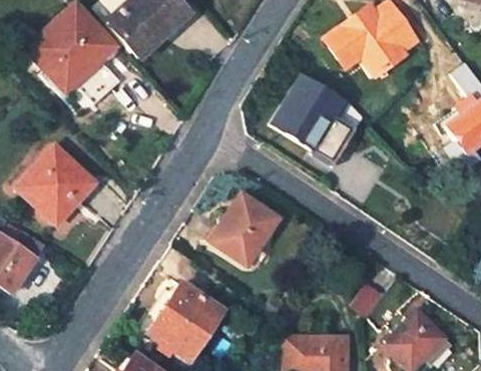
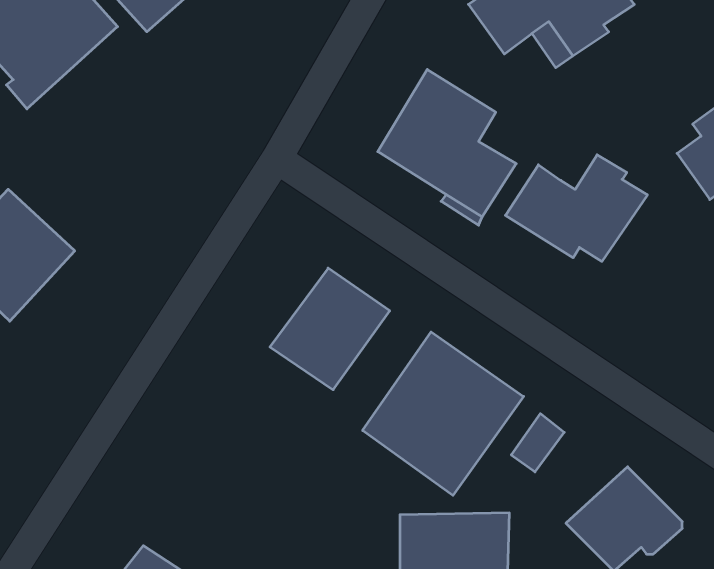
building: none -> [505,155,647,261]
building: none -> [363,332,524,495]
building: [143,280,222,359] -> none

